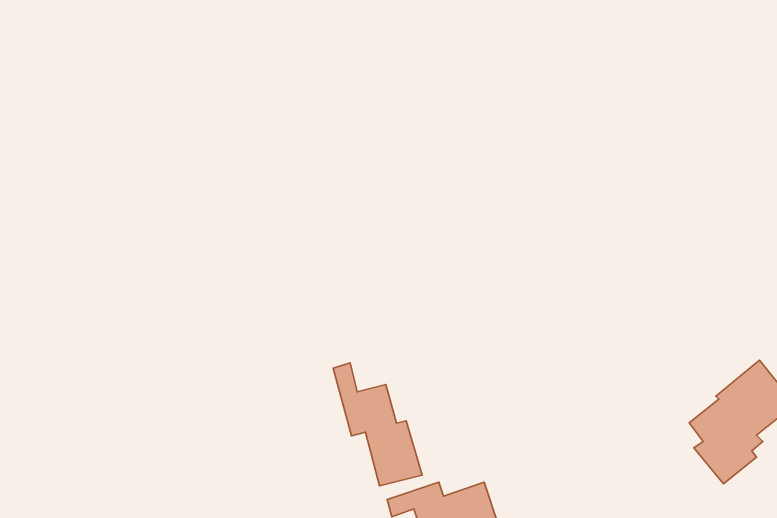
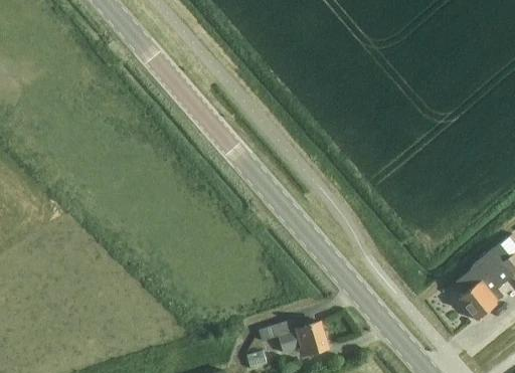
building: [333,363,422,486] -> none

